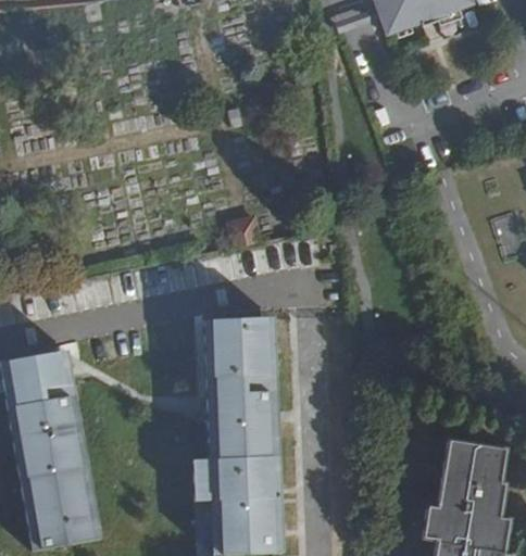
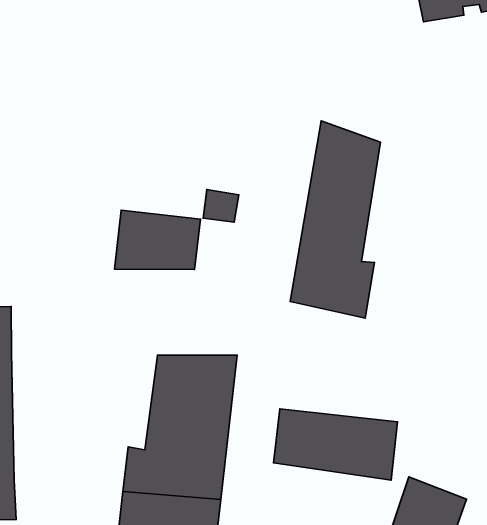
building: none -> [290,121,380,318]
building: [201,314,275,371] -> [115,210,201,269]
building: none -> [273,409,398,480]

